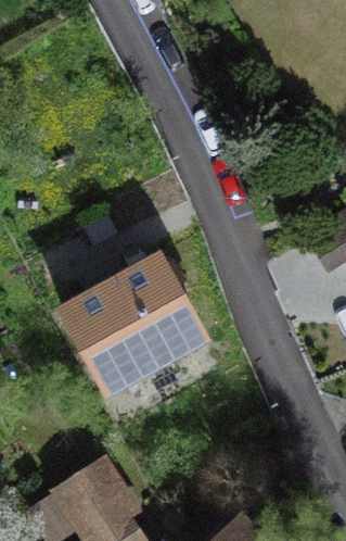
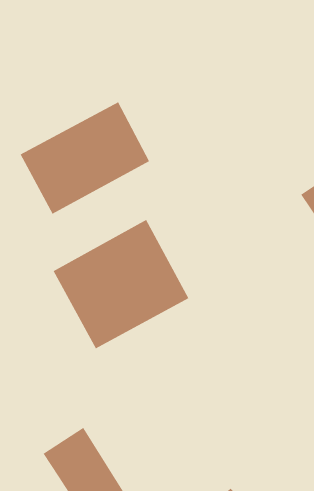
building: none -> [19,101,150,215]

